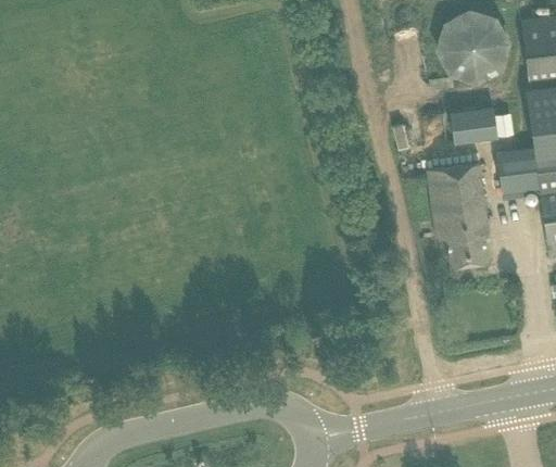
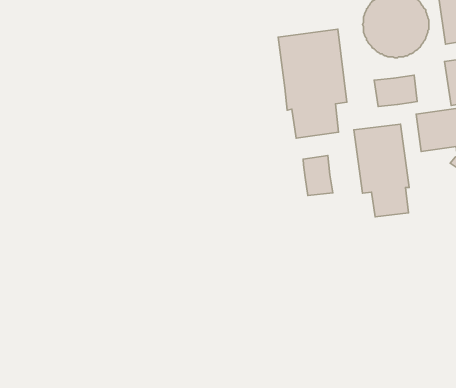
building: none -> [278,29,347,138]
building: none -> [303,156,333,196]

